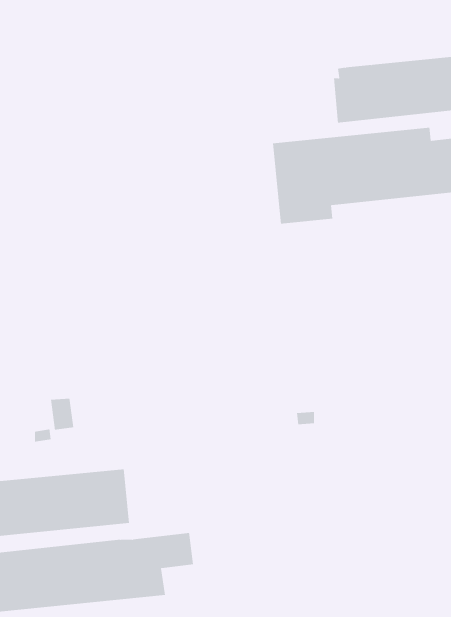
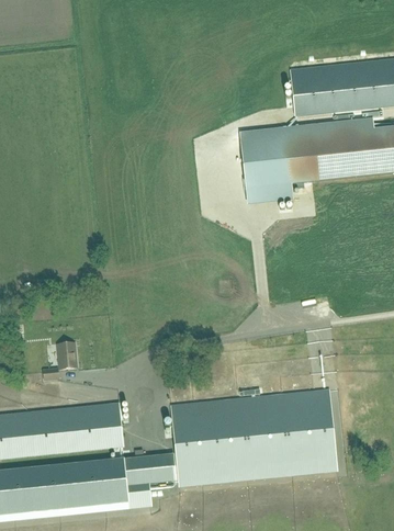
building: none -> [169,389,336,485]

